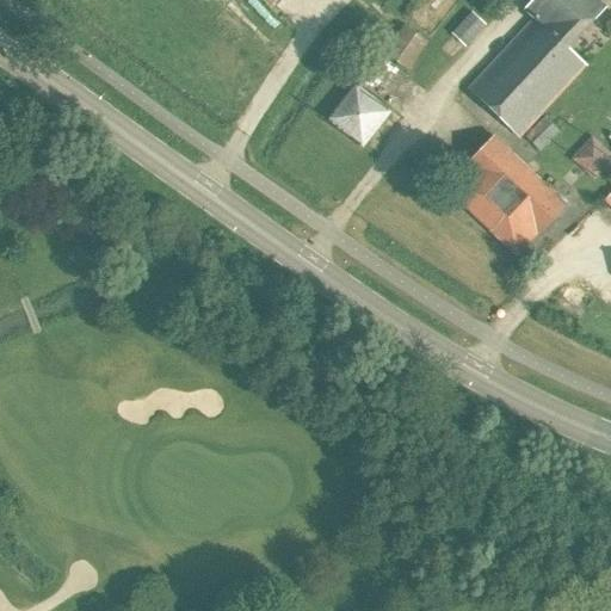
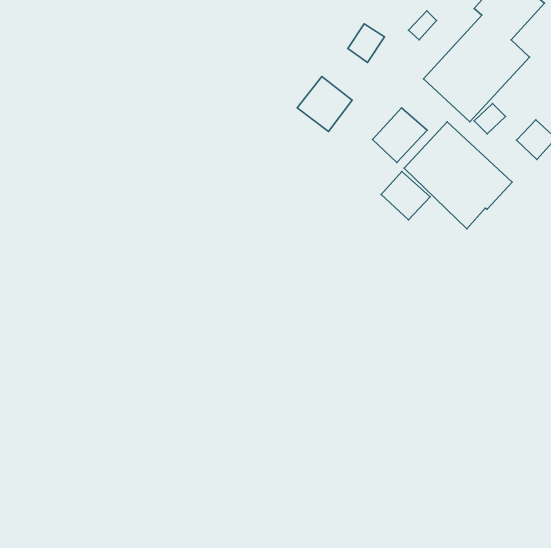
building: none -> [373,108,427,162]
building: none -> [381,172,430,220]

